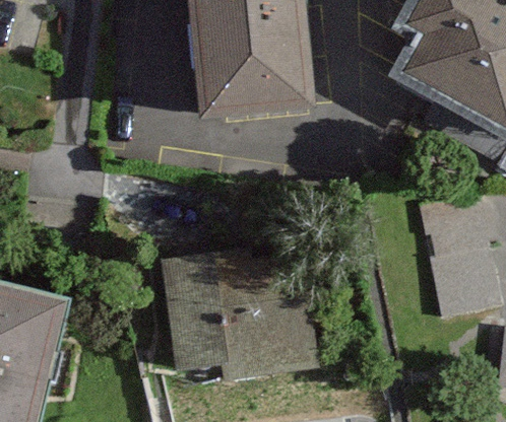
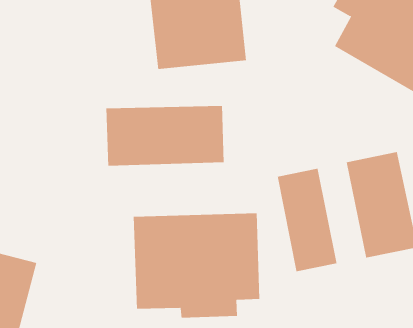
building: none -> [106,105,224,167]
building: none -> [277,168,337,272]

